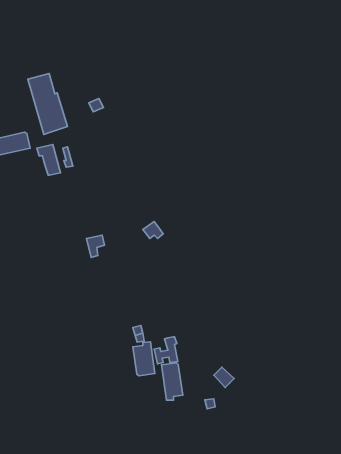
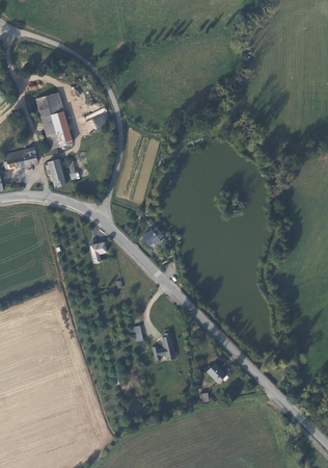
building: [133,342,155,376] -> none
building: [161,363,183,400] -> none

